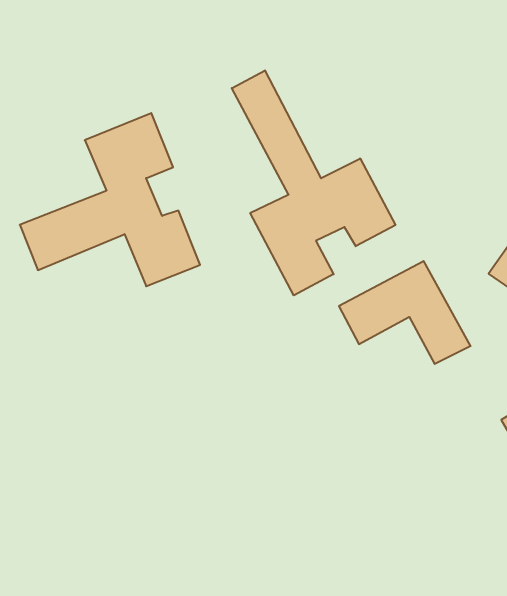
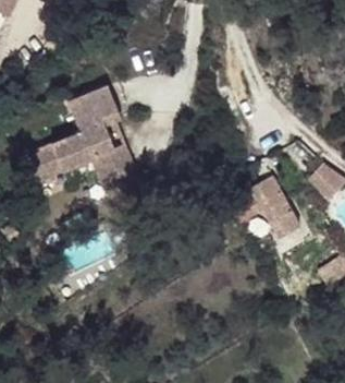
building: [232,70,395,295] -> none

